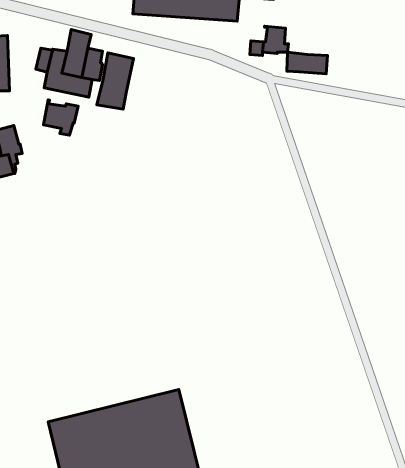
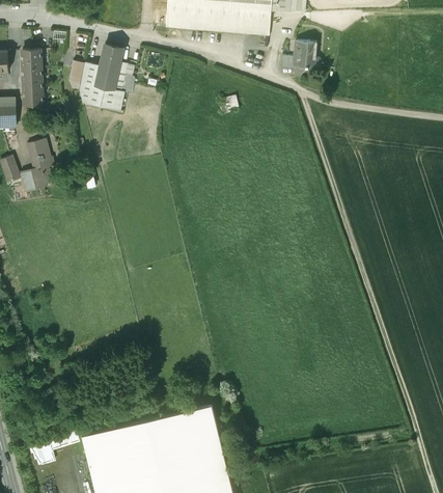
building: [287,52,328,74] -> none
building: [97,53,133,109] -> none
building: [44,100,78,135] -> none

